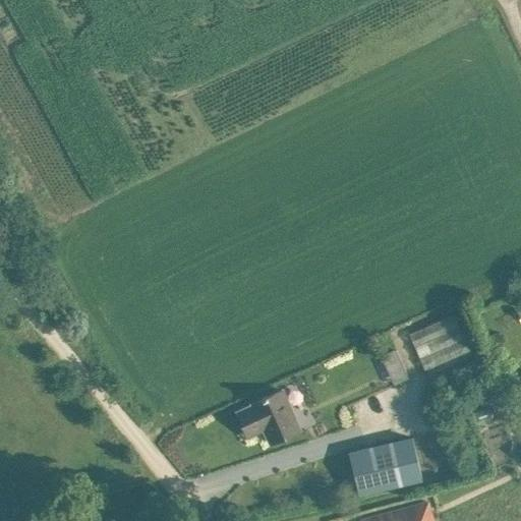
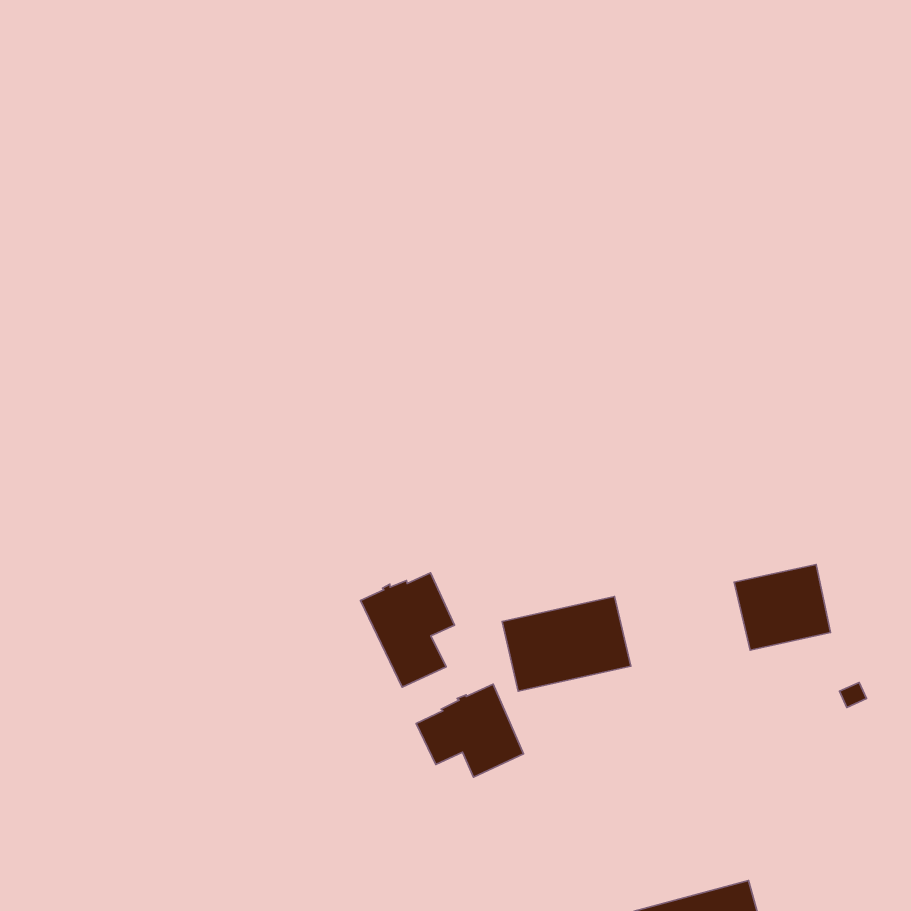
building: none -> [360,573,454,687]
building: [348,440,421,494] -> [502,596,631,691]

